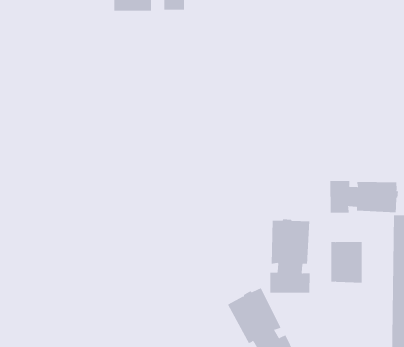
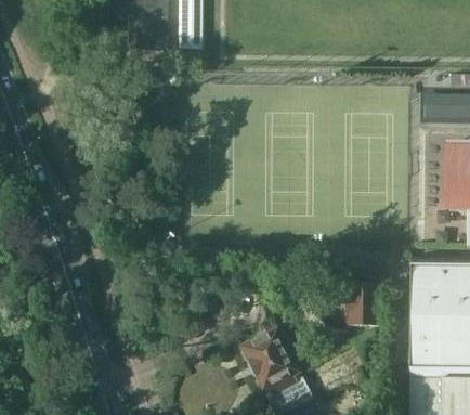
building: [330,180,398,213] -> none
building: [270,219,310,294] -> none

